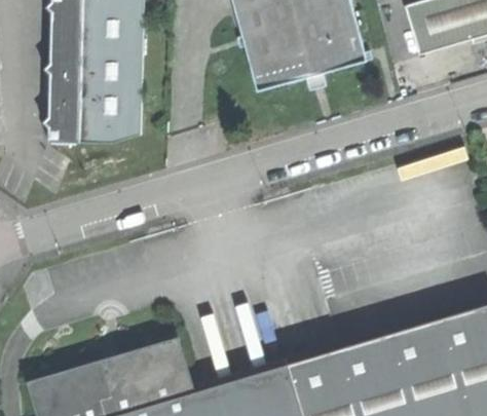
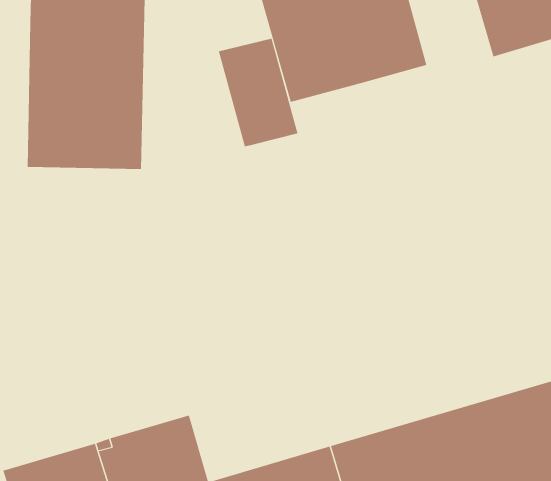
building: none -> [218,38,298,147]

